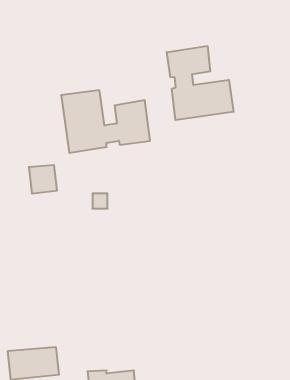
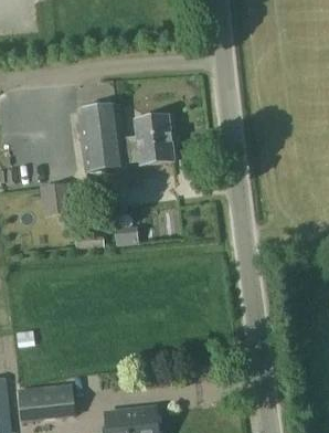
building: [167,46,234,120] -> none

